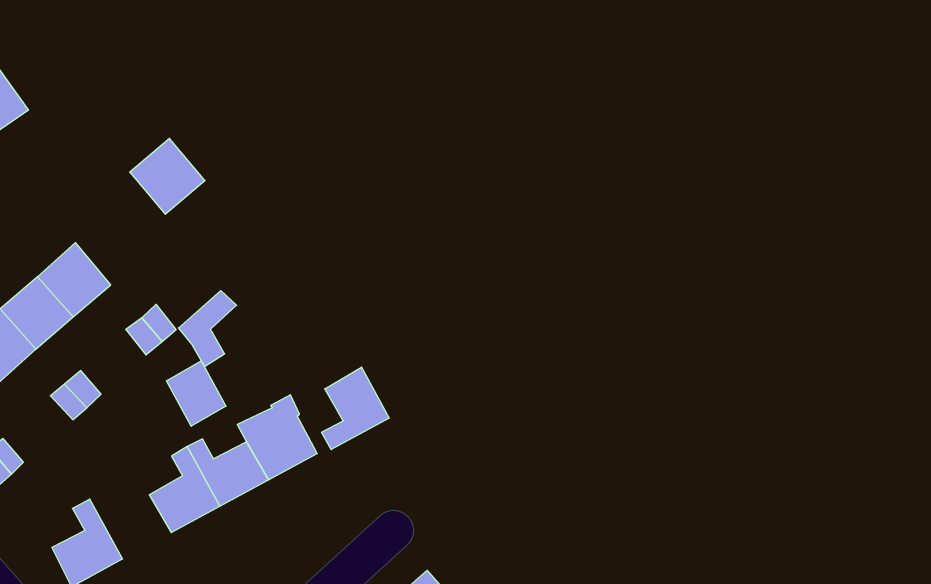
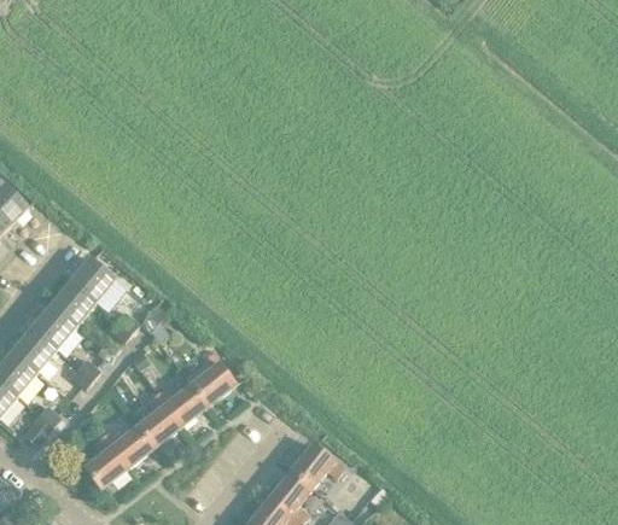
building: [130,138,205,214] -> [69,258,115,304]
building: [166,361,226,426] -> none
building: [322,367,389,450] -> none
building: none -> [103,426,154,467]

